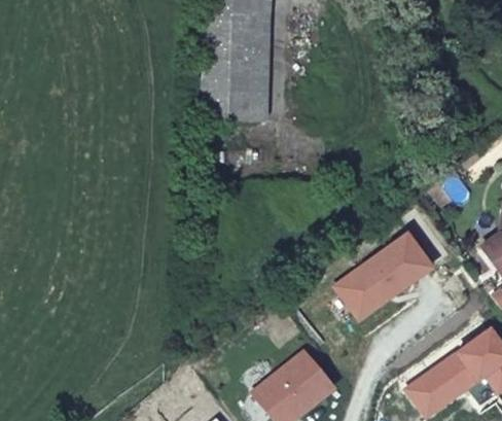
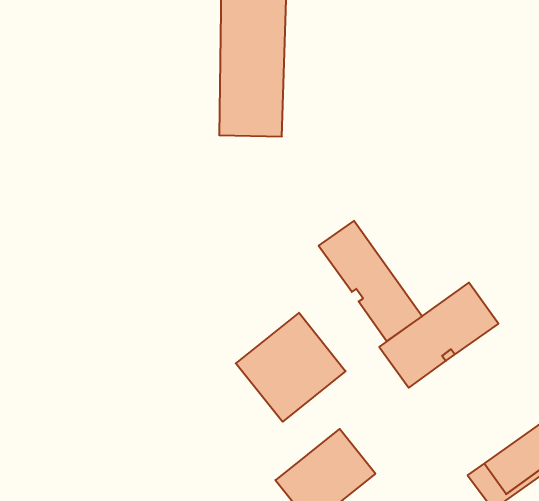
building: none -> [319,221,422,341]
building: none -> [236,313,346,422]

